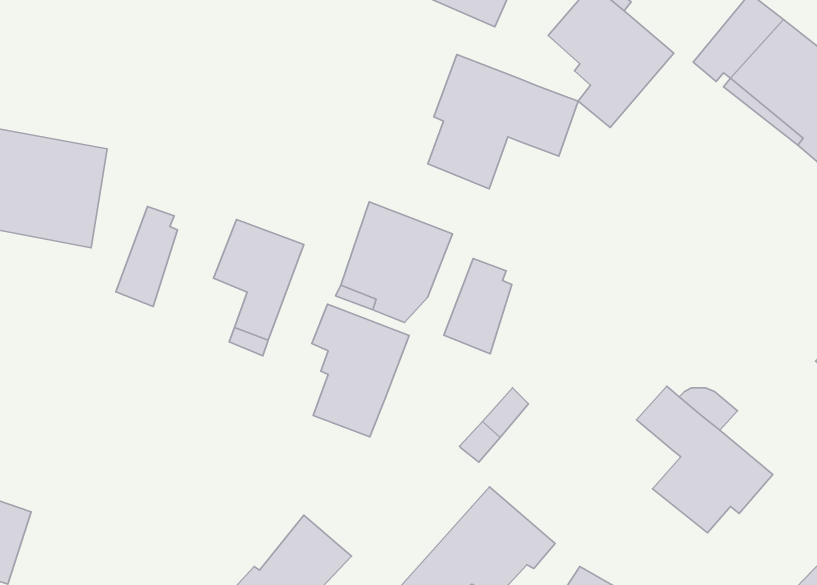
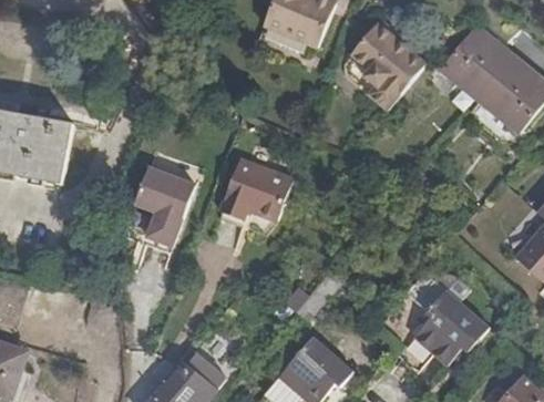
building: [428,55,578,189] -> none
building: [116,206,177,306] -> none
building: [444,258,512,354] -> none
building: [312,304,409,437] -> none

